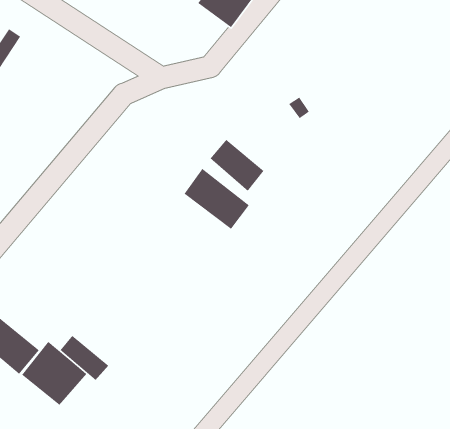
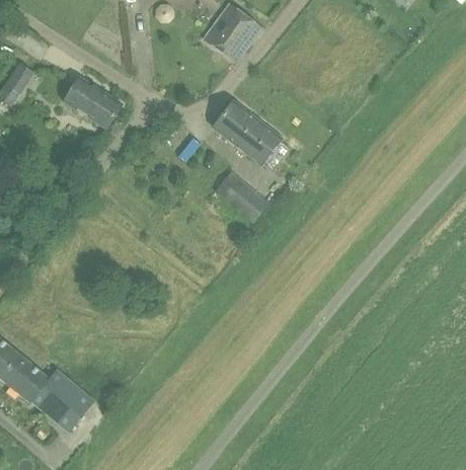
building: none -> [65,77,122,128]
building: [183,168,250,230] -> [215,101,280,162]
building: [59,335,109,381] -> none

